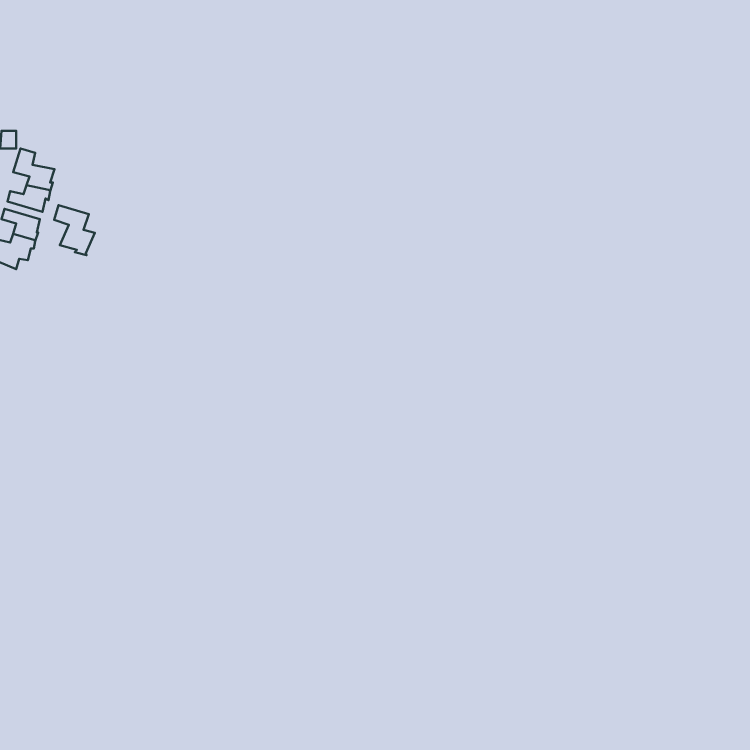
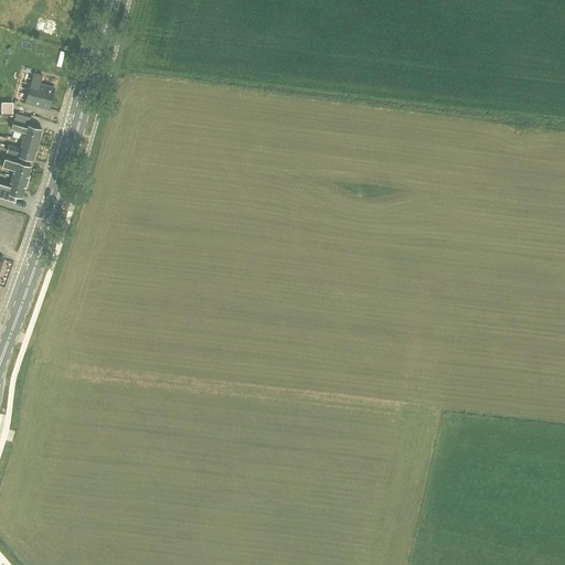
building: none -> [23,71,54,108]
building: [54,205,95,255] -> none

